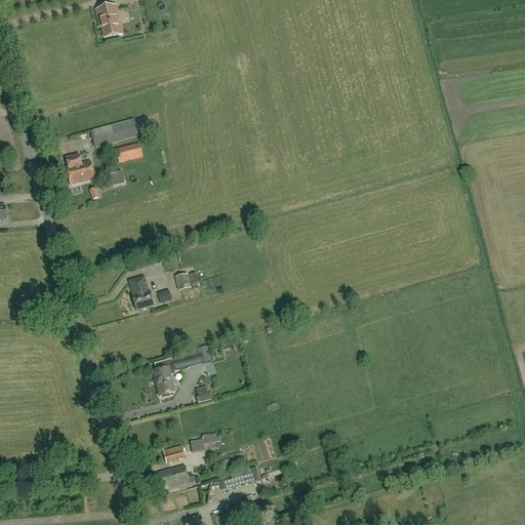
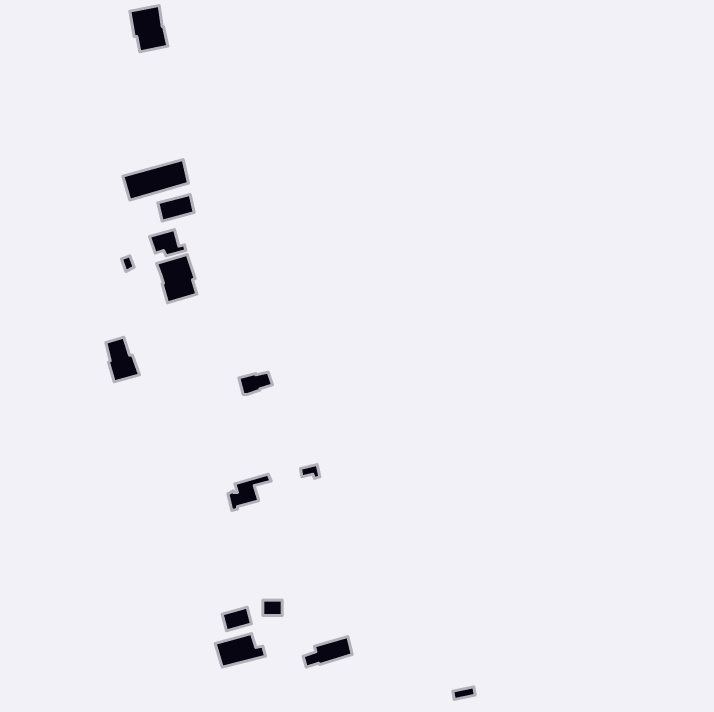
building: [66,154,94,184] -> none
building: none -> [157,255,197,303]
building: [130,277,155,310] -> [106,337,139,382]
building: [154,361,174,395] -> none

